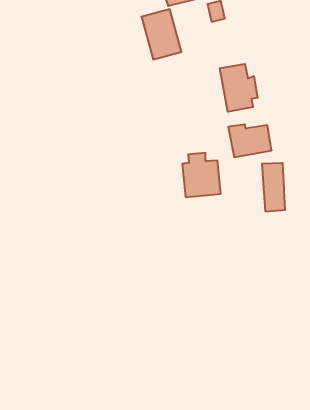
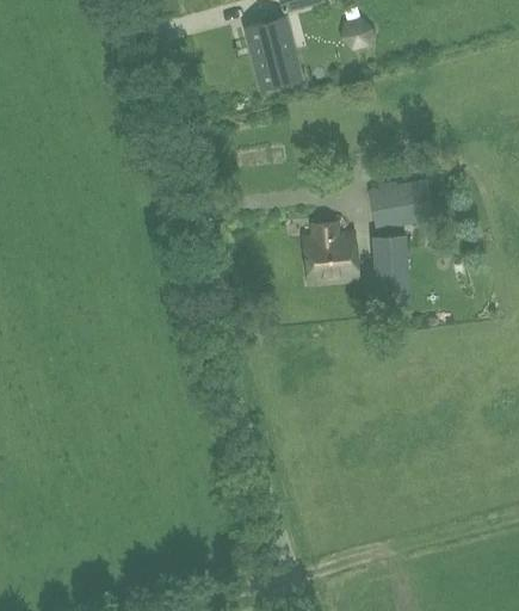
building: [220,64,258,112] -> none
building: [262,163,285,211] -> [373,236,407,306]

